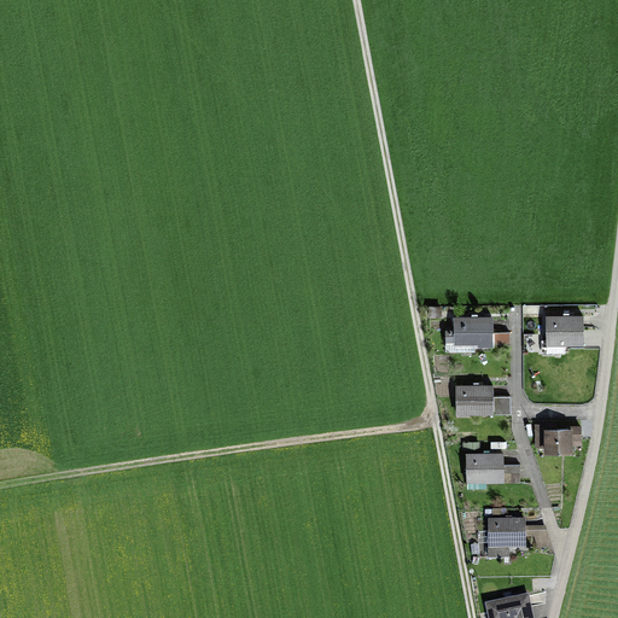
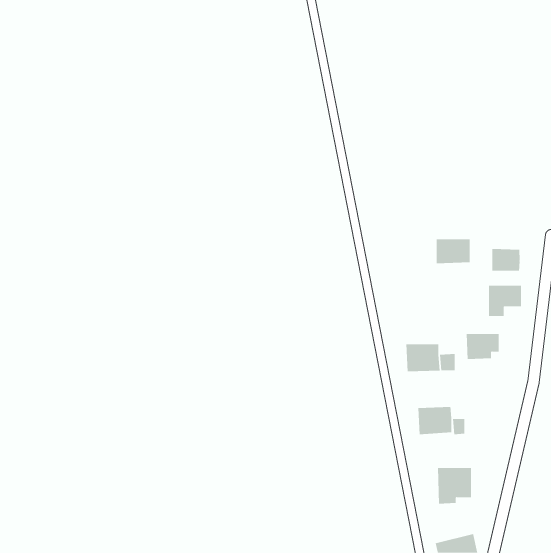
building: none -> [492,248,520,271]
building: [454,319,492,346] -> [436,239,471,264]
building: [543,426,581,455] -> [466,334,499,360]

